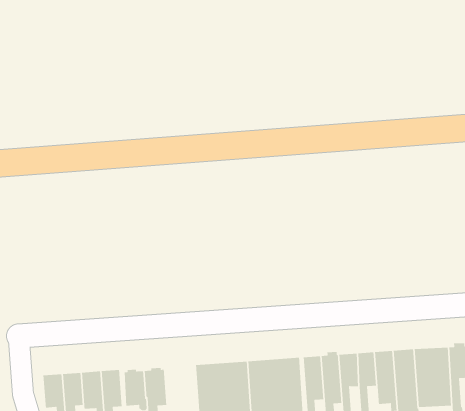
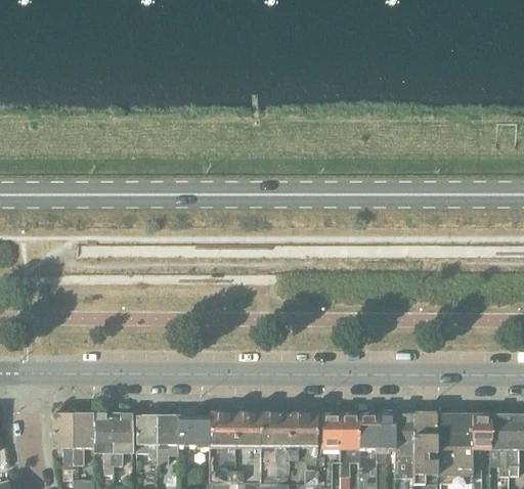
building: none -> [178,414,210,447]

